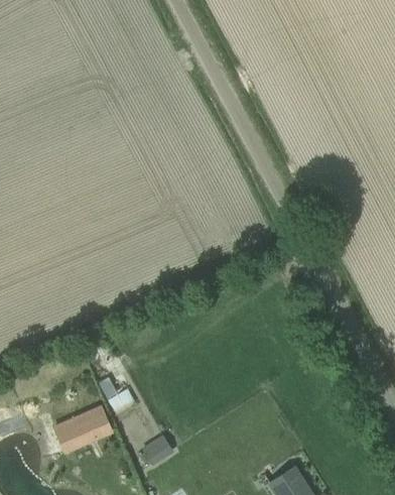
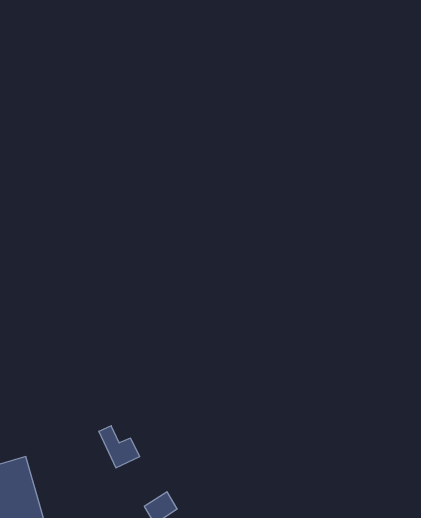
building: [53,408,112,453] -> none

